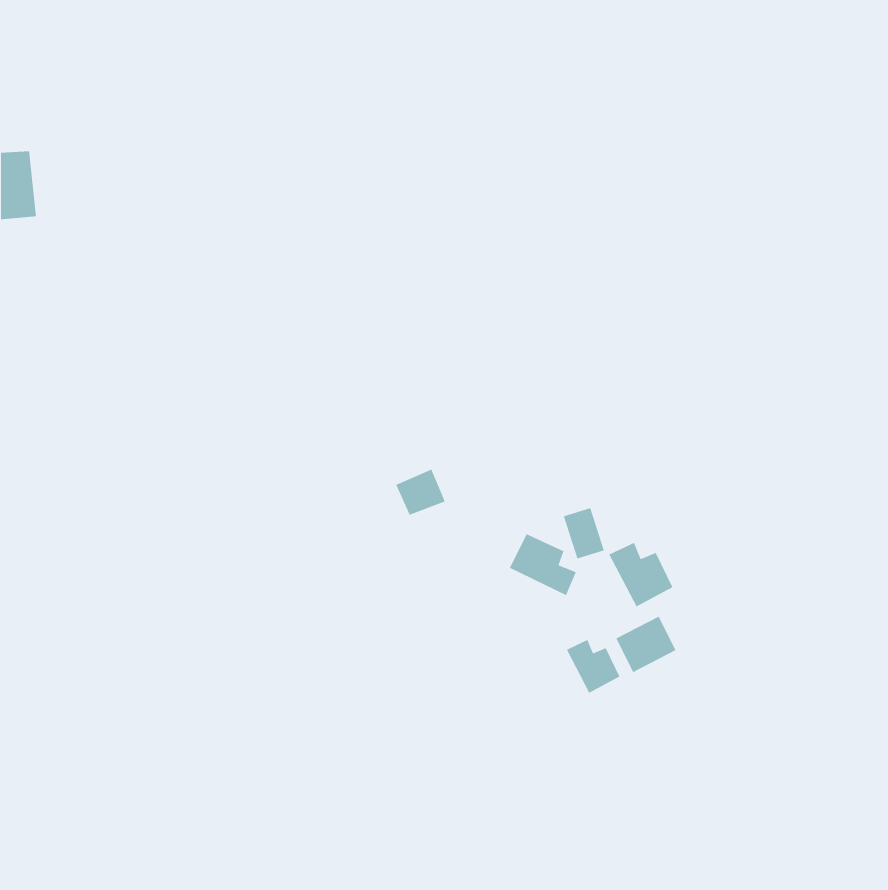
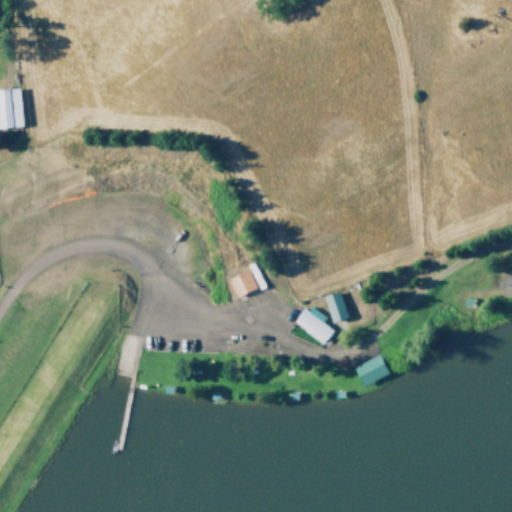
building: [608,542,673,608] -> none
building: [566,639,621,694] -> none

